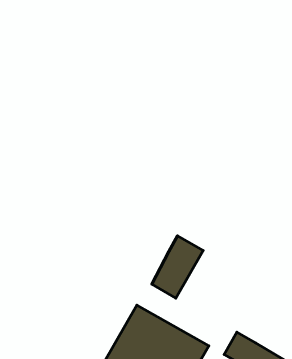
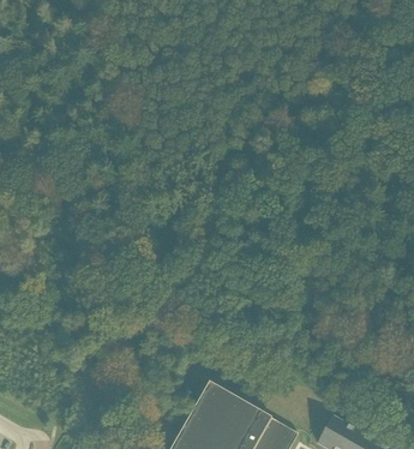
building: [152,236,203,298] -> none

